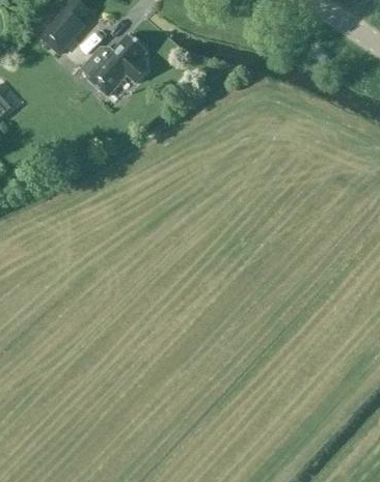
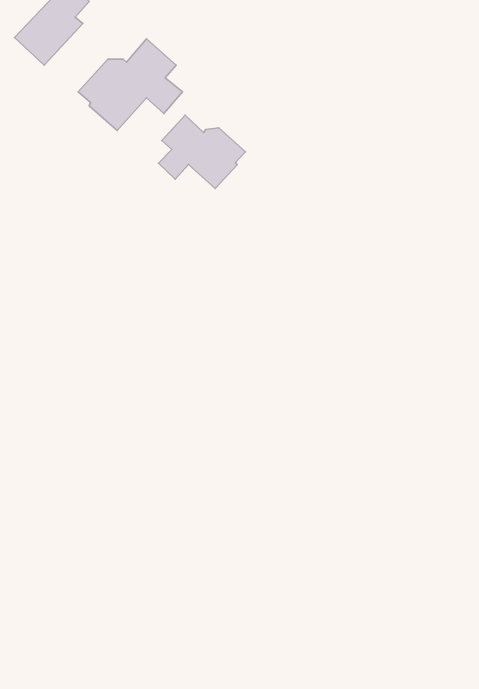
building: none -> [158,115,245,189]

